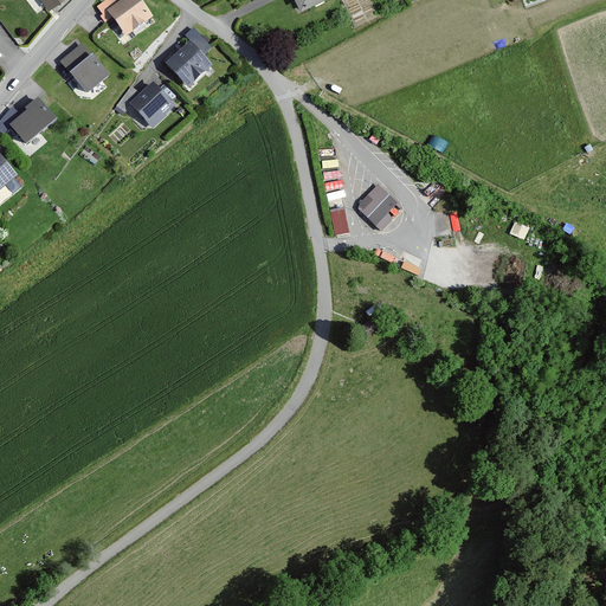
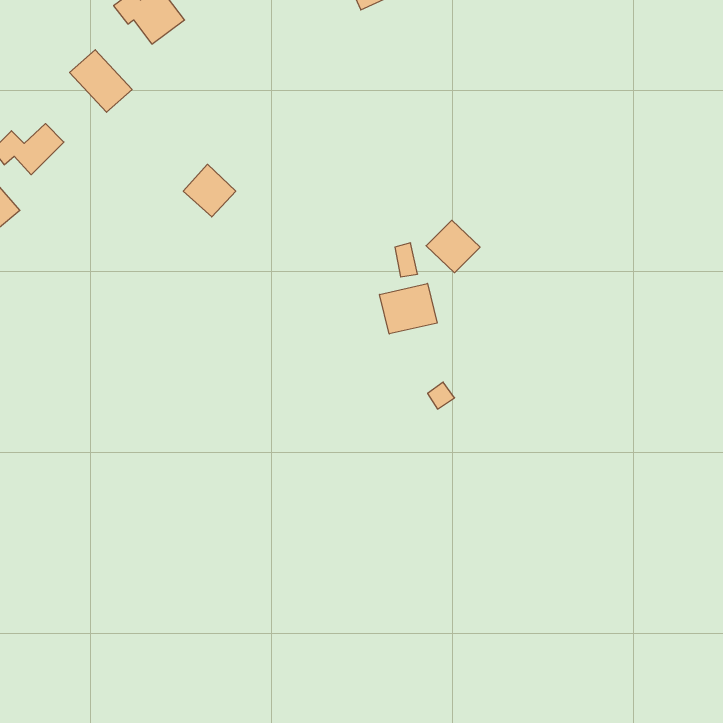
building: [165,24,212,86] -> none
building: [128,80,172,124] -> [183,164,236,217]
building: none -> [380,283,437,334]

